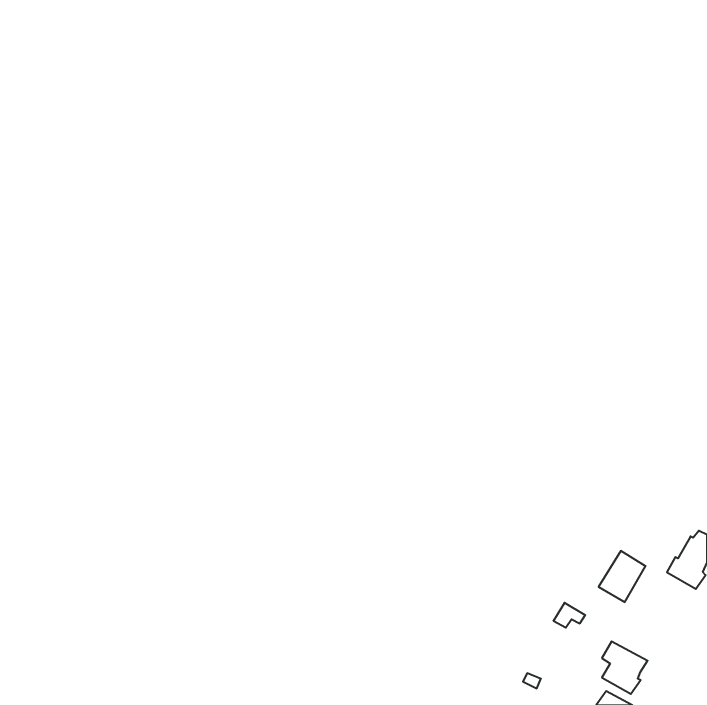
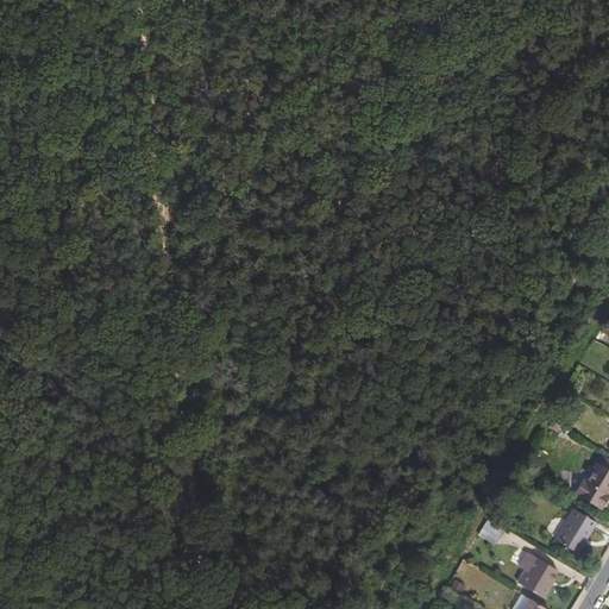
building: [599,551,646,602] -> [554,509,595,553]

